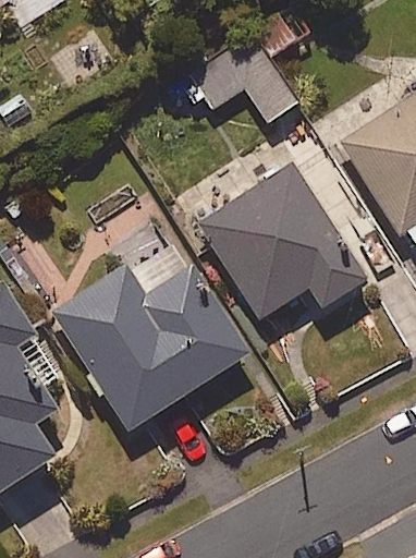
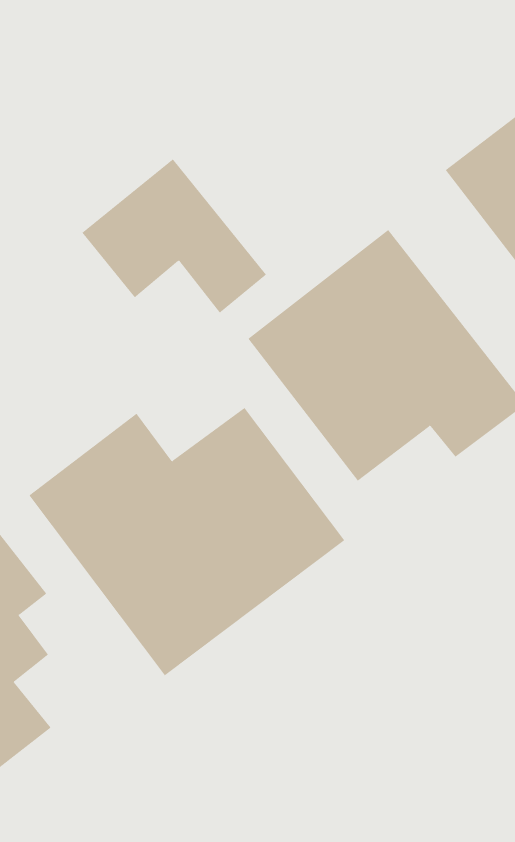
building: [185,21,298,120] -> [82,159,267,314]

